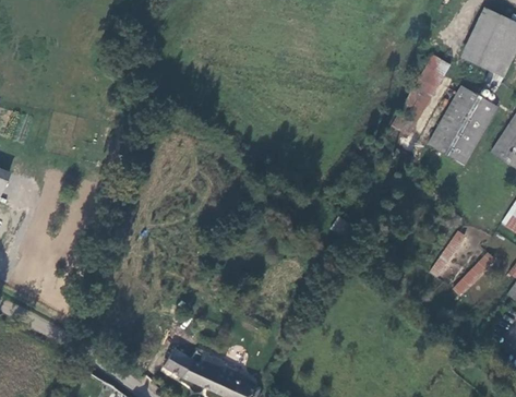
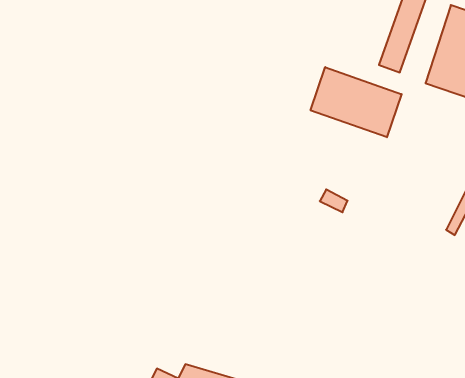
building: none -> [311,67,402,137]

